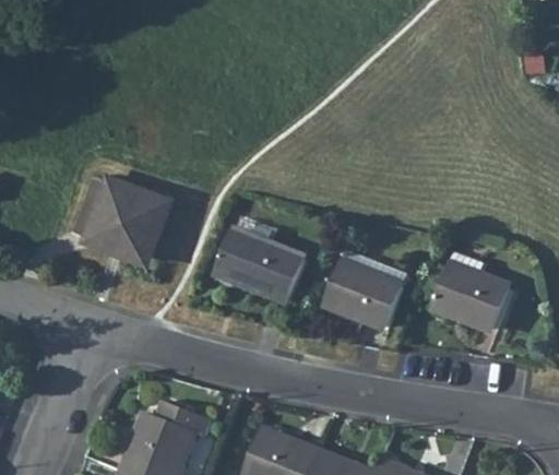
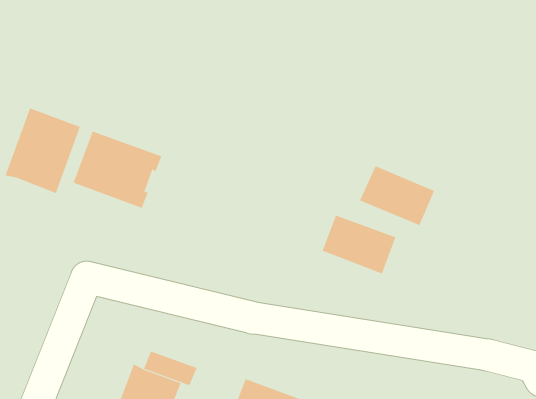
building: none -> [5,108,80,194]
building: [212,235,300,301] -> none
building: [441,265,519,328] -> [359,165,435,226]

